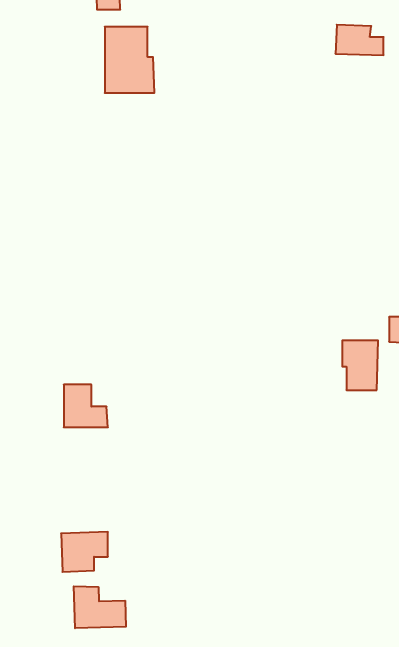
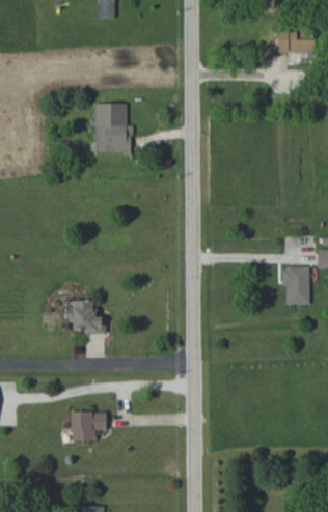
building: [105,27,154,93] -> [94,104,132,153]
building: [74,586,126,628] -> none

